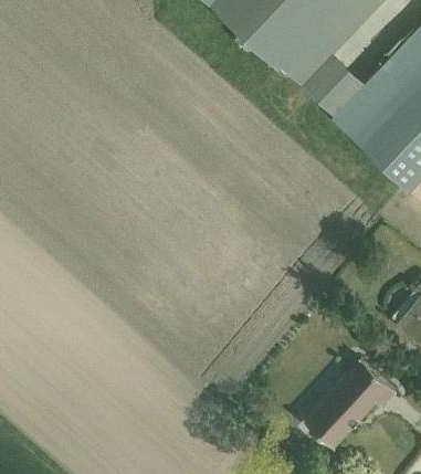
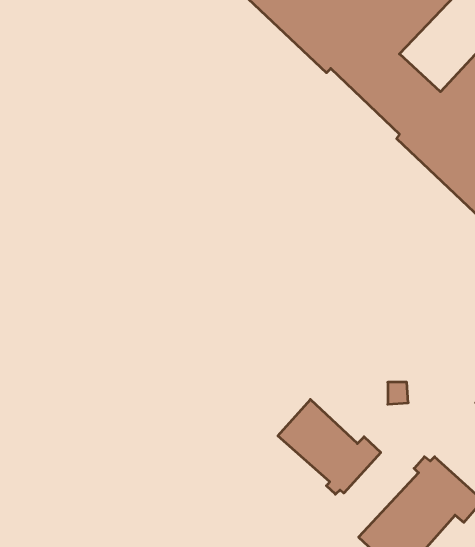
building: none -> [278,399,381,494]

